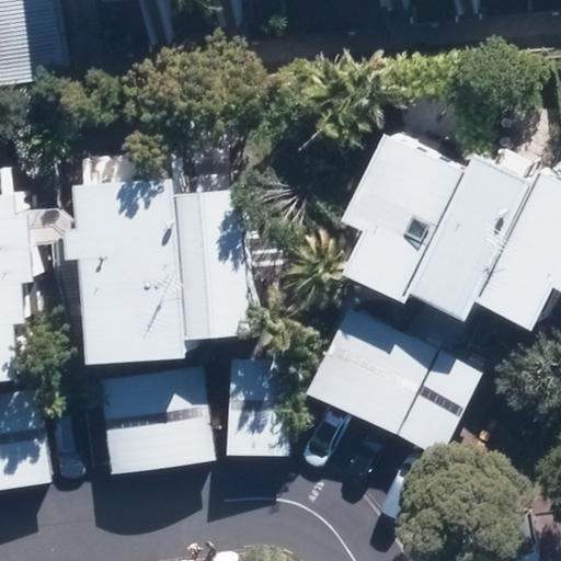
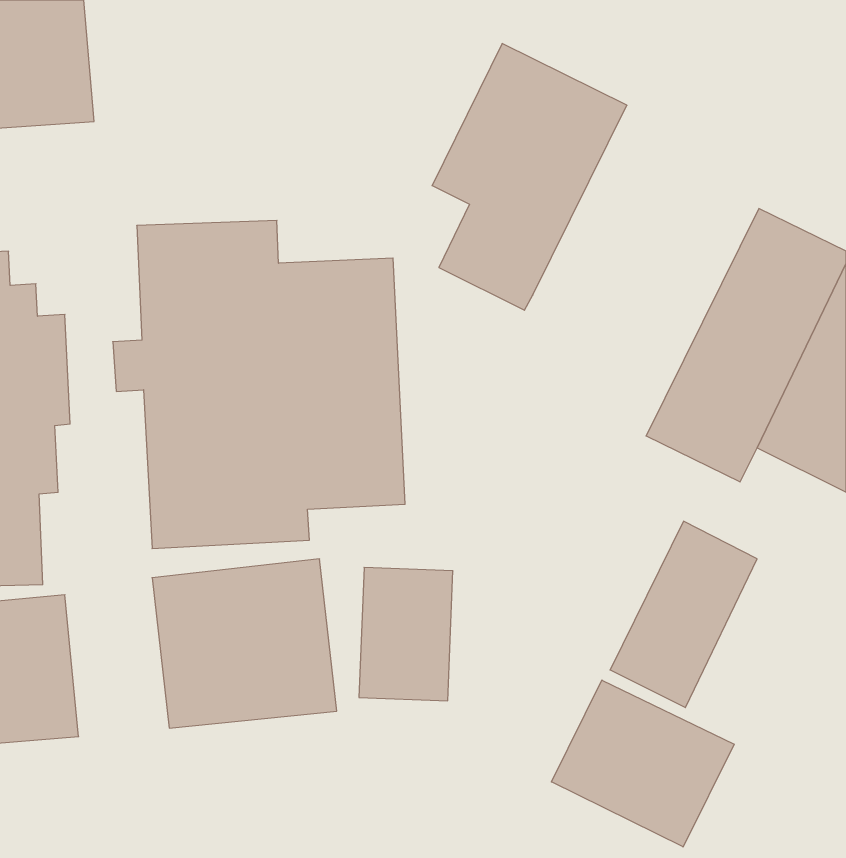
building: [350,128,474,299] -> [432,44,627,310]
building: [307,304,438,439] -> none
building: none -> [551,680,734,847]

